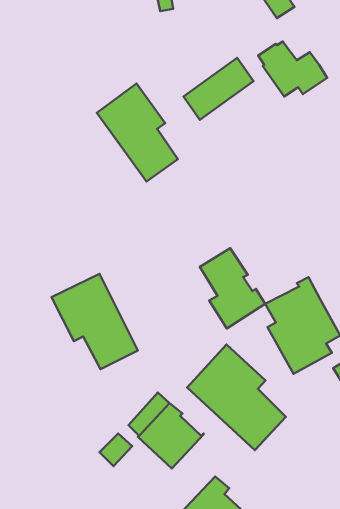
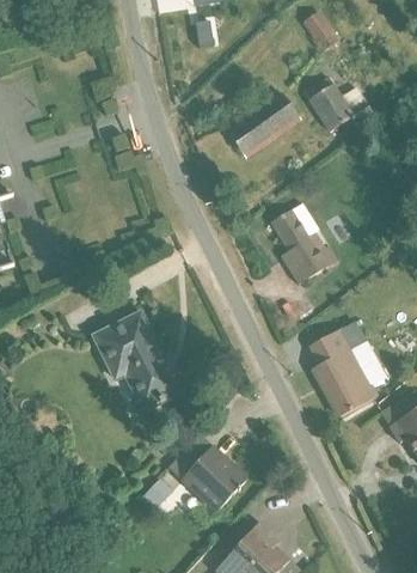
building: [97,84,178,182] -> none
building: [200,248,265,328] -> [270,202,337,285]
building: [187,345,286,450] -> none

